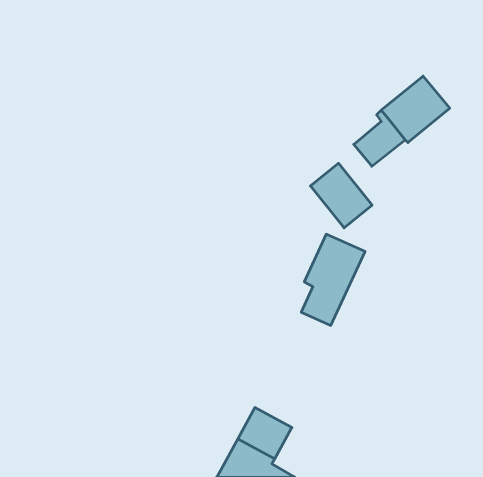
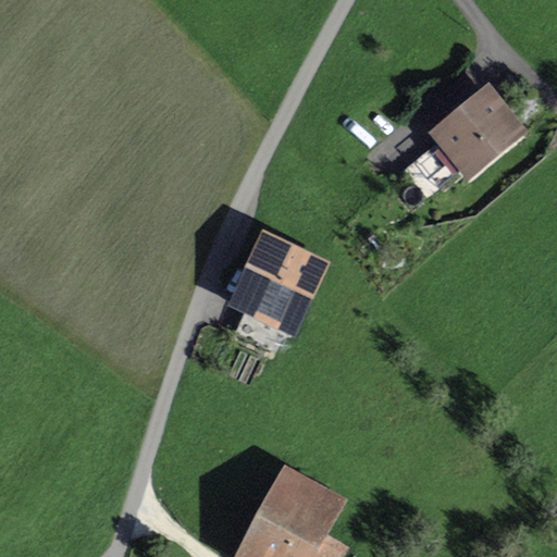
building: [310,163,372,228] -> none
building: [301,234,365,325] -> [239,239,312,344]

